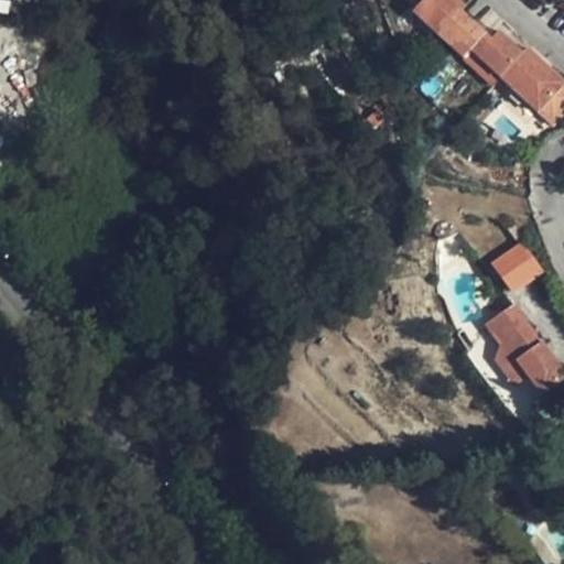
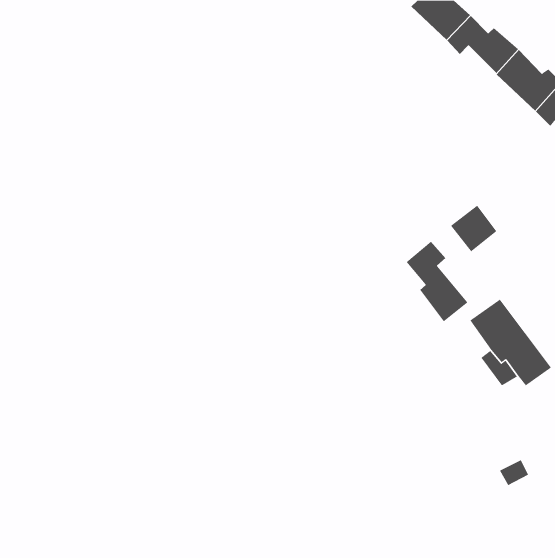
building: none -> [406,241,469,322]
building: [494,248,541,295] -> [450,205,497,252]

